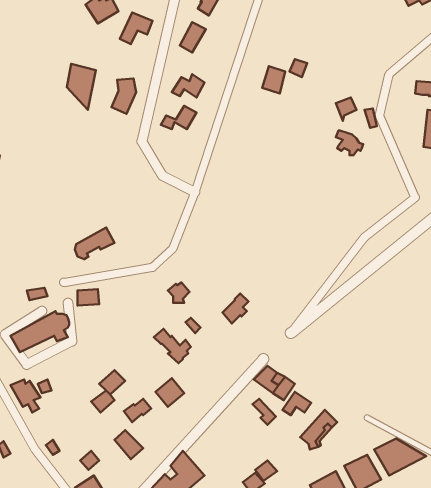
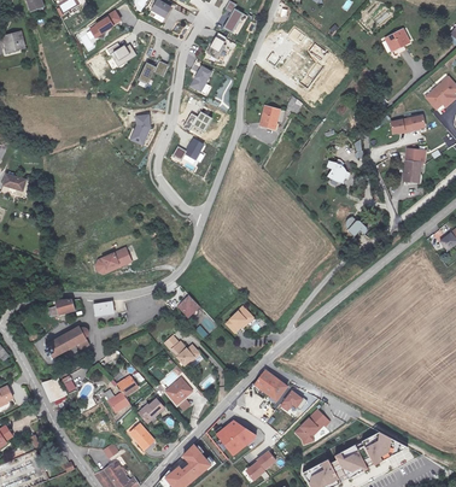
building: [67,64,96,110] -> none
building: none -> [217,422,257,456]

